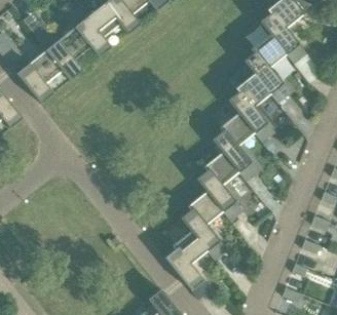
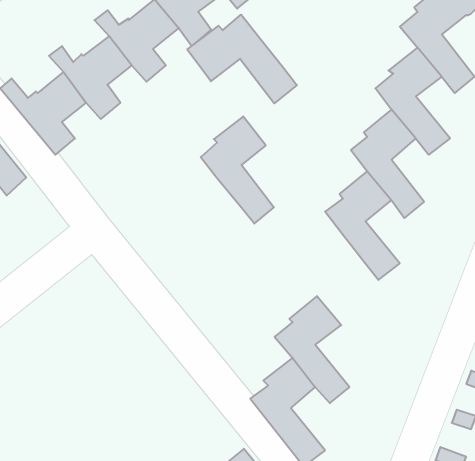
building: none -> [187,15,297,103]
building: [196,153,242,221] -> [201,116,274,224]

